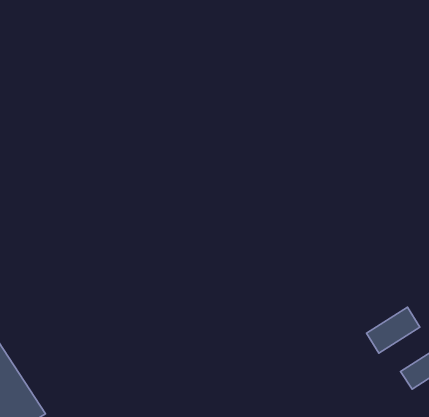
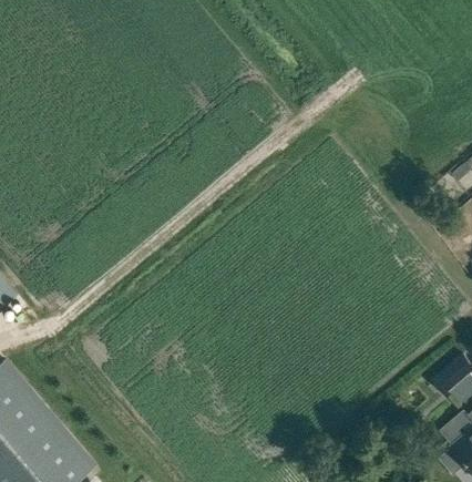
building: [366,307,420,353] -> none

